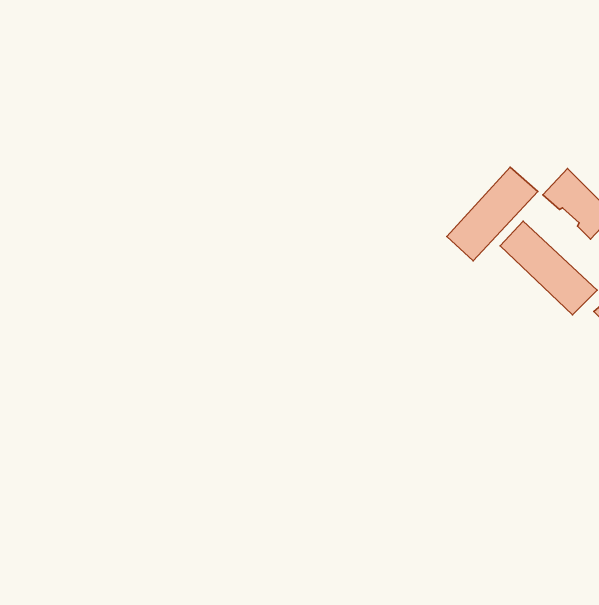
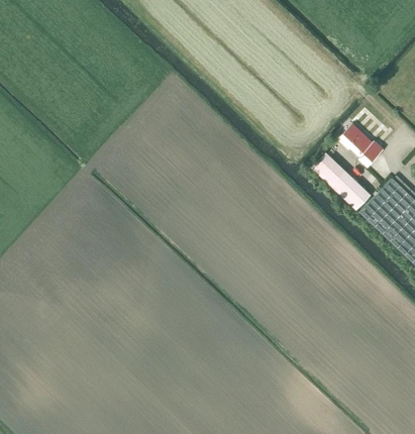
building: [447,167,538,261] -> none

